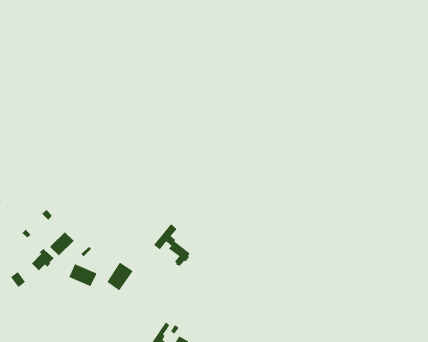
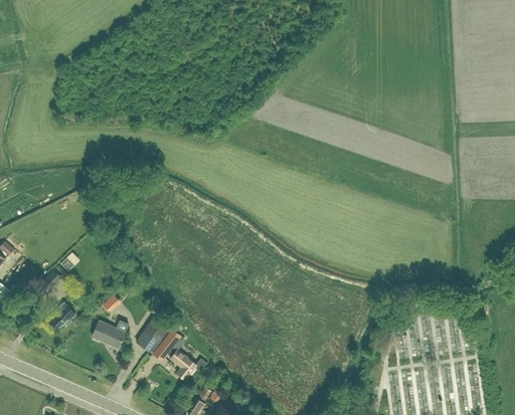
building: [153,223,191,267] -> [153,329,196,379]
building: [49,231,74,256] -> none

